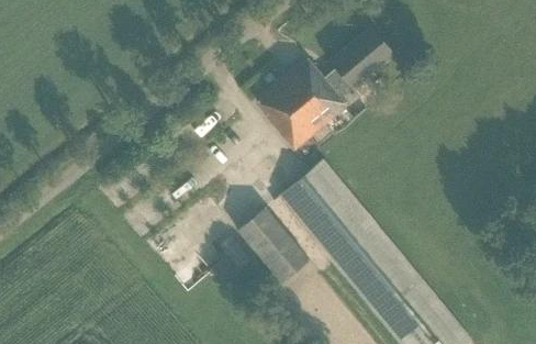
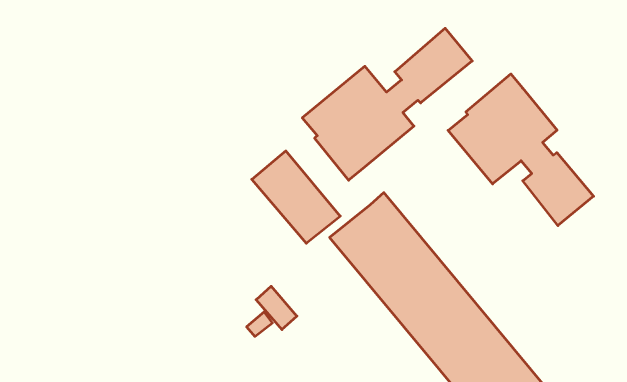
building: none -> [448,74,594,226]
building: [238,208,310,282] -> [252,151,340,243]

